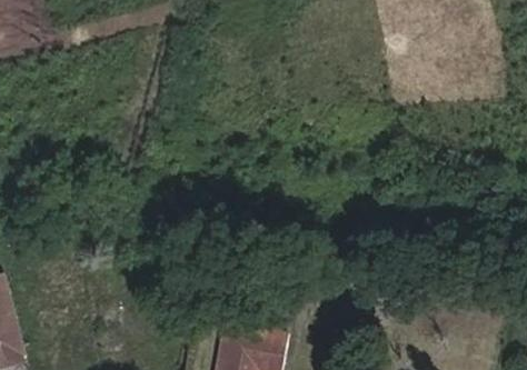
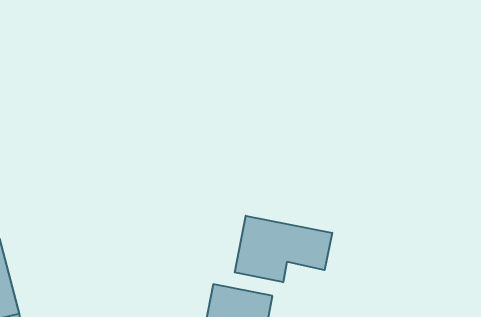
building: none -> [235,216,332,282]

